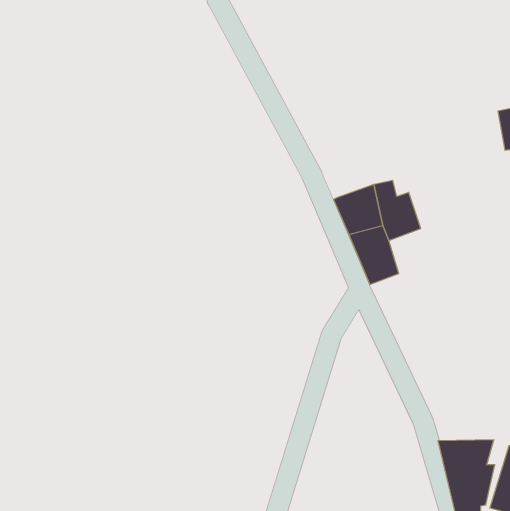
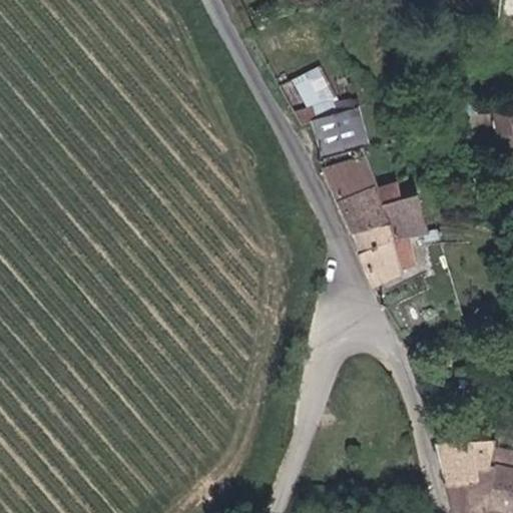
building: none -> [295,65,335,110]
building: none -> [316,110,366,154]
building: none -> [326,156,376,198]

